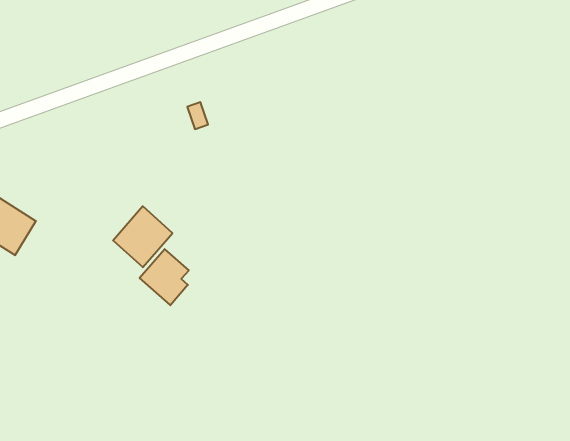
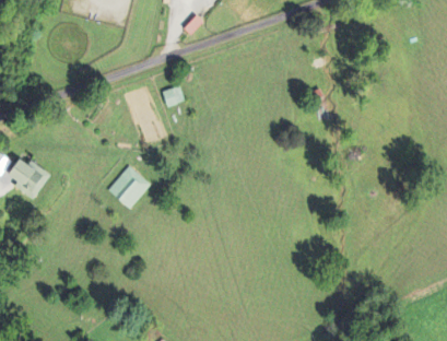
building: [140,249,189,305] -> none

